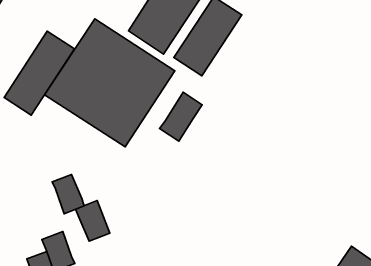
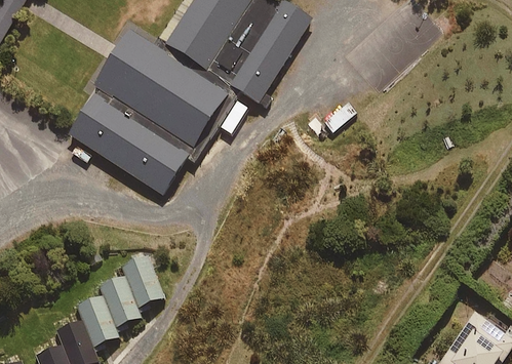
building: [4,31,74,115] -> none
building: [160,92,202,141] -> none
building: [52,175,84,214] -> [84,283,125,333]

